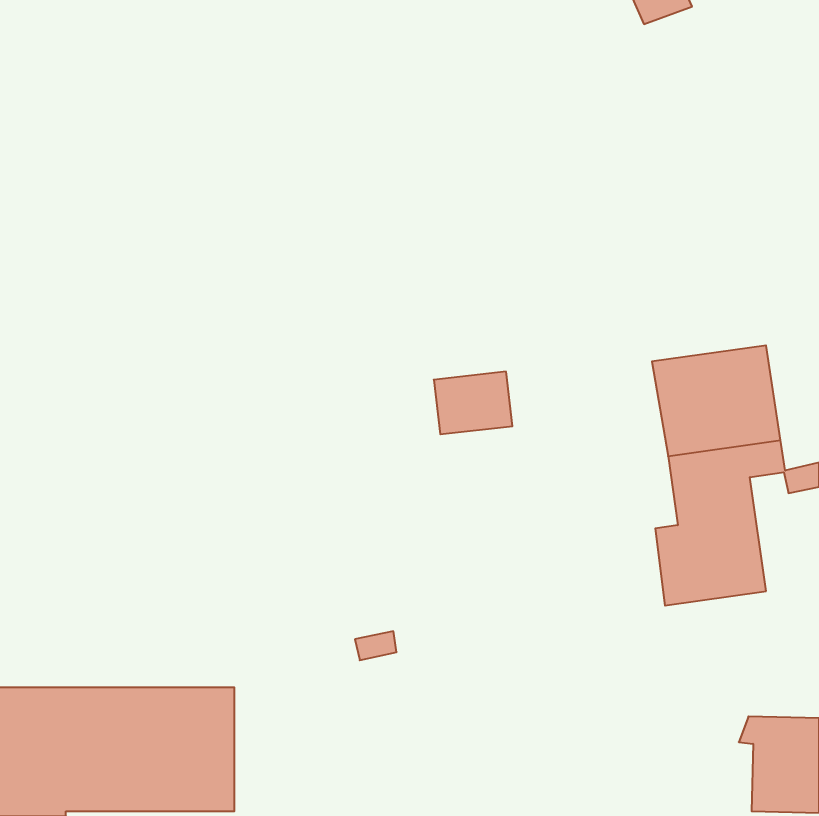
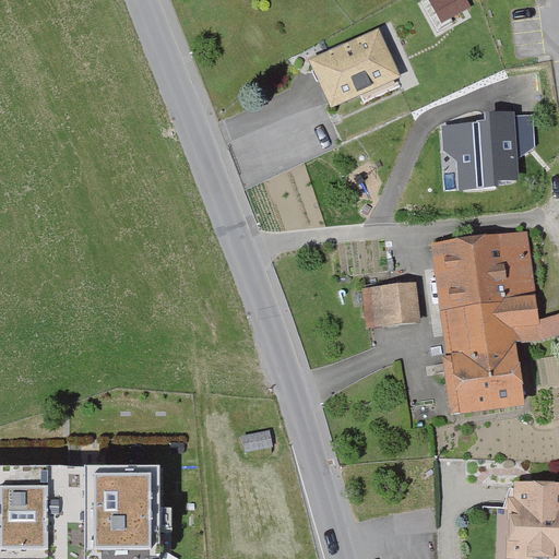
building: none -> [313,33,393,100]
building: none -> [440,108,518,187]
building: [434,372,512,434] -> [366,284,419,326]

